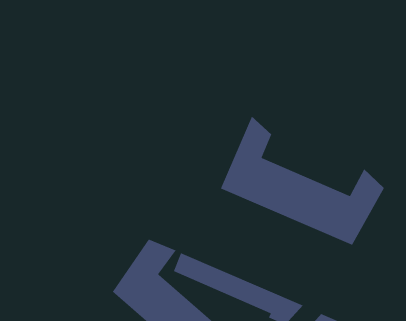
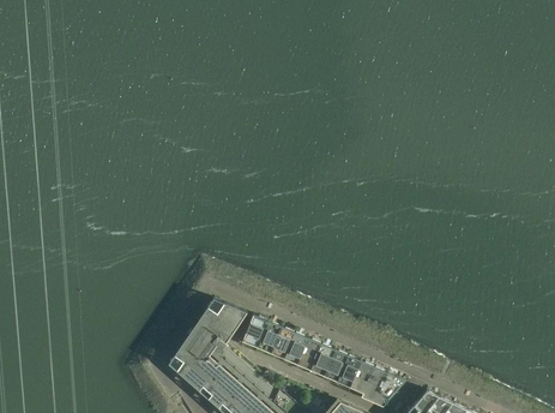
building: [220,115,385,246] -> none

